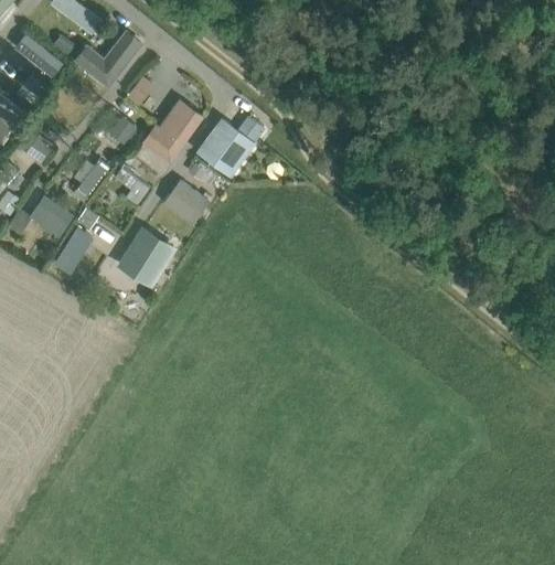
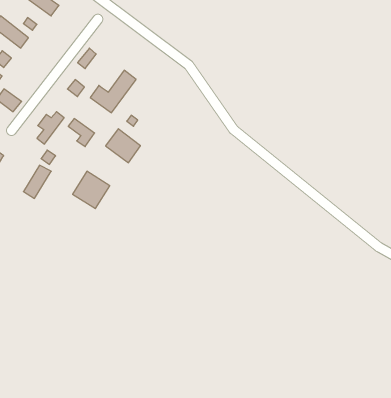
building: [75,31,140,85] -> none
building: [199,117,262,174] -> none
building: [35,196,72,235] -> none

